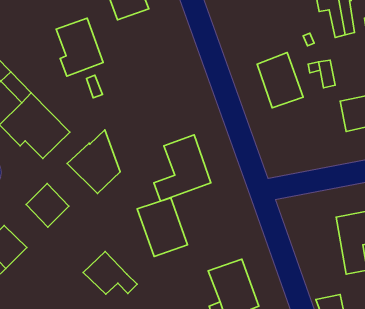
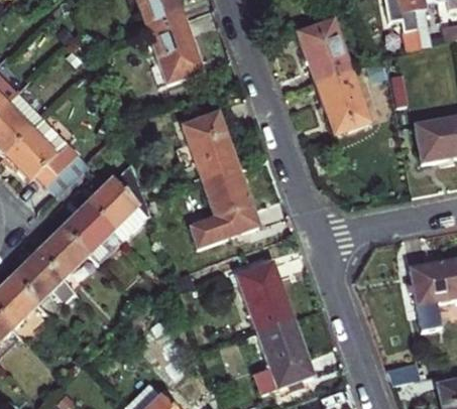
building: none -> [296,19,350,83]
building: [56,18,103,76] -> [146,16,203,86]
building: none -> [182,111,238,180]
building: none -> [62,201,122,262]
building: [137,198,188,257] -> [235,260,296,330]
building: [83,251,137,294] -> [10,251,75,302]

